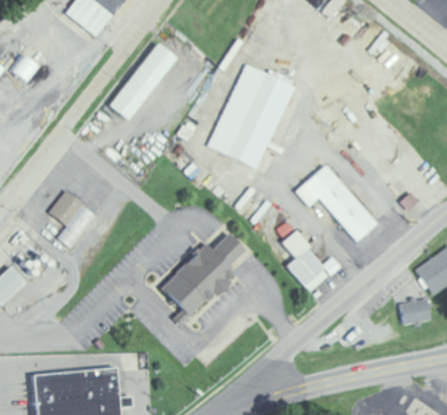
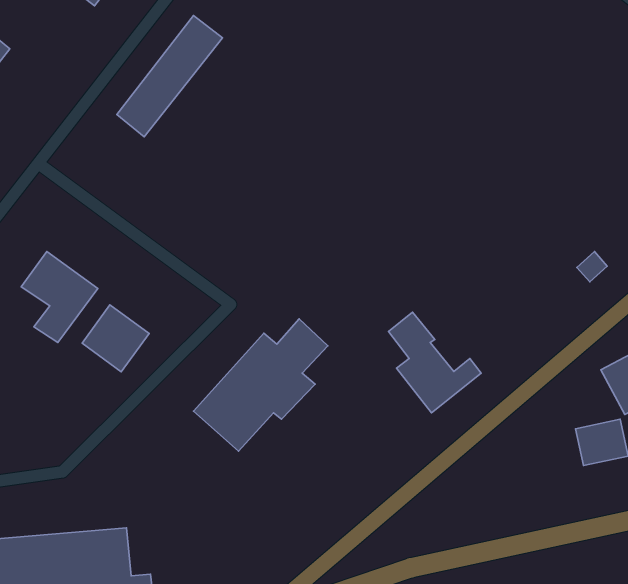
building: [206,62,295,168] -> none
building: [295,165,377,242] -> none
building: none -> [82,305,149,372]

